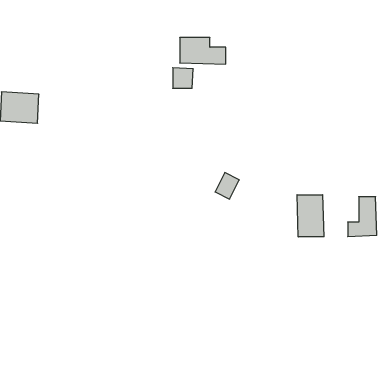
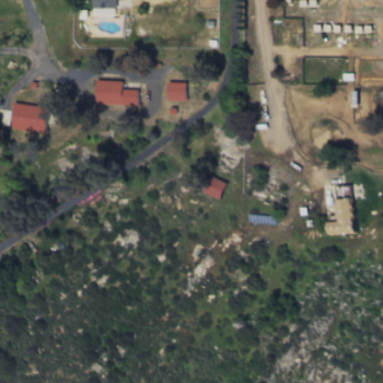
building: [180,38,226,64] -> [95,81,137,105]
building: [297,195,324,237] -> none

